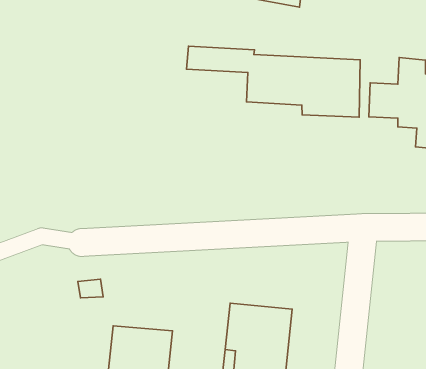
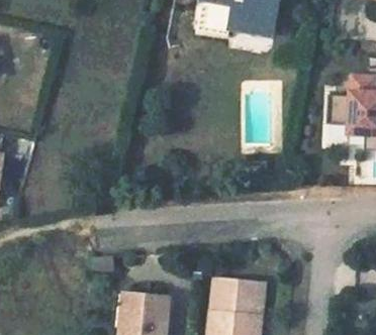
building: [186,46,360,117] -> none

